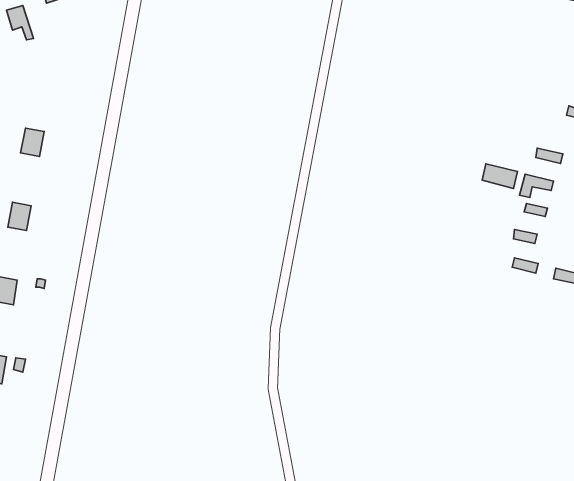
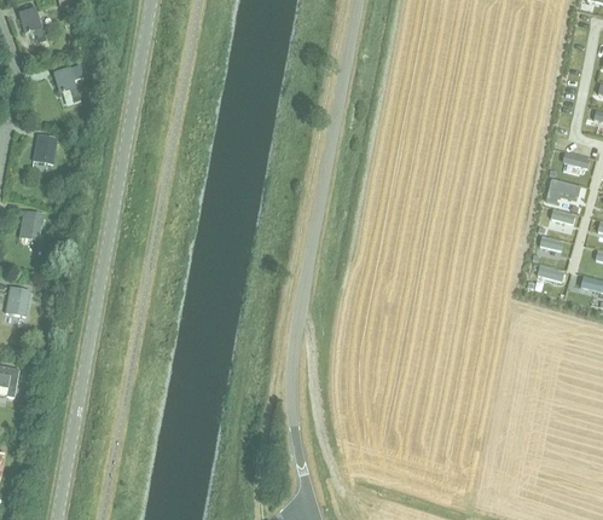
building: none -> [53,64,83,103]
building: [482,164,518,189] -> none

